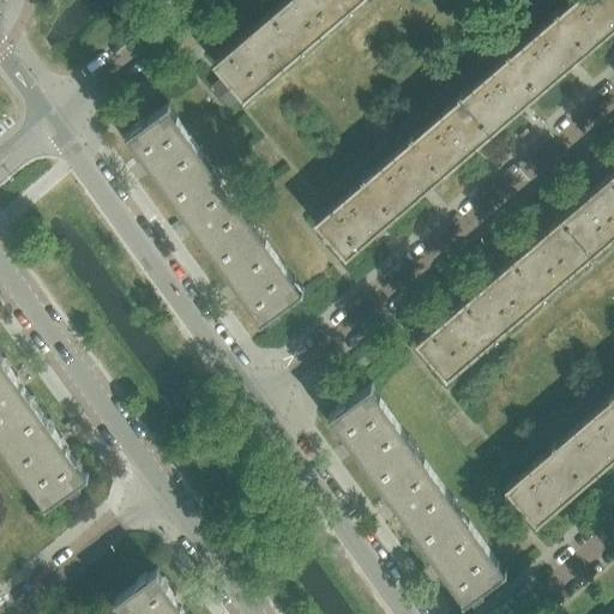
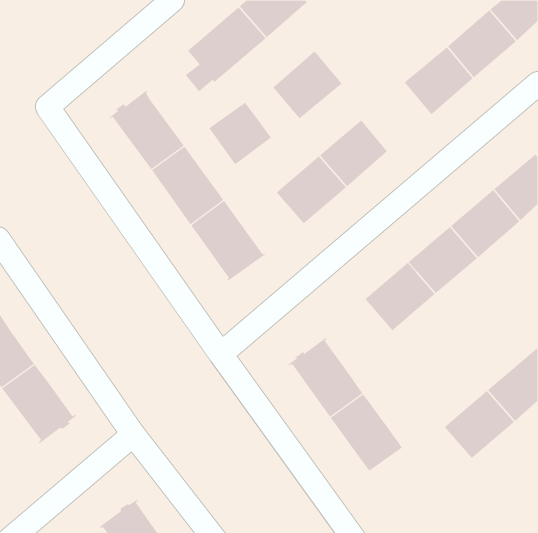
building: [410,102,489,180] -> [273,51,342,119]
building: none -> [208,102,272,165]
building: [419,516,505,608] -> none

